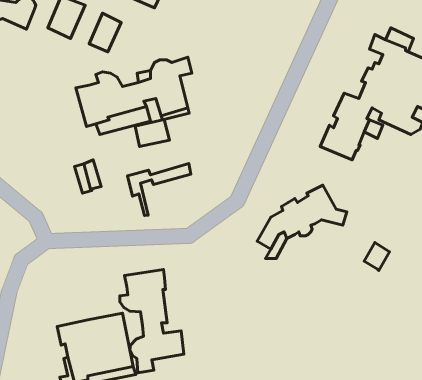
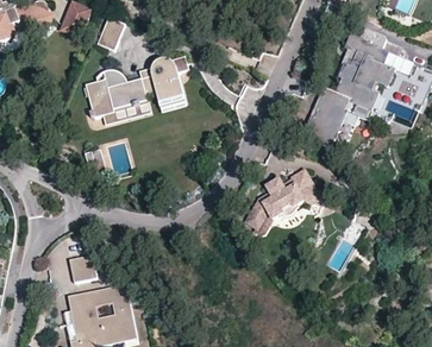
building: [135,119,169,147] -> none
building: [127,164,191,216] -> none
building: [120,270,184,373] -> none
building: none -> [69,254,96,283]

